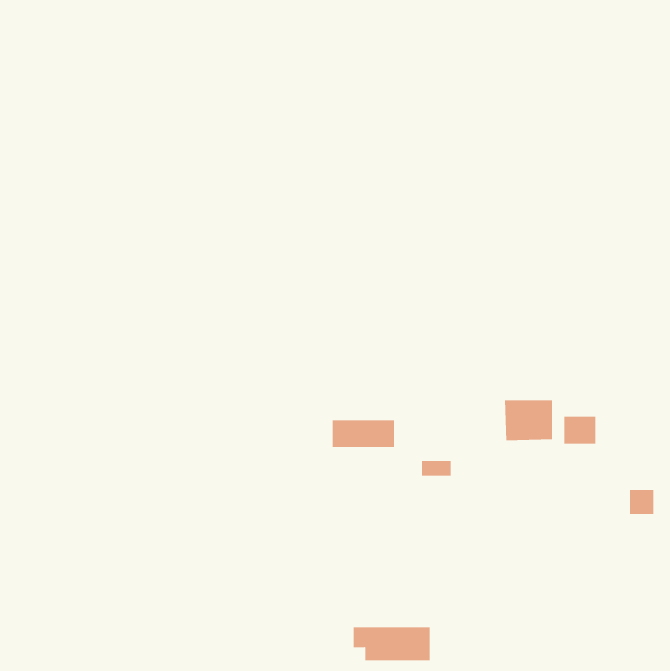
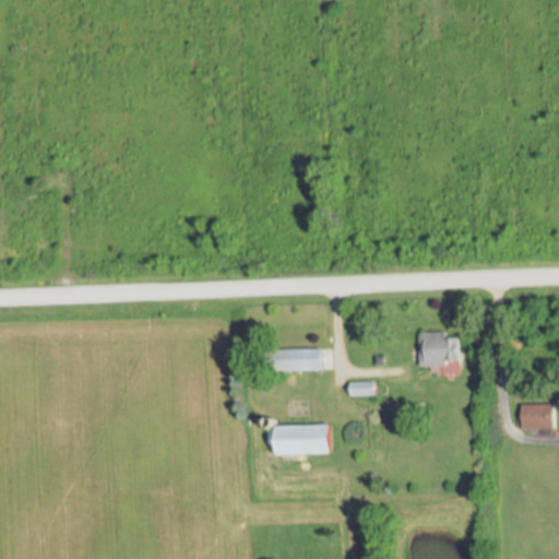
building: [564,416,596,445] -> none
building: [353,627,430,661] -> [267,426,332,454]

